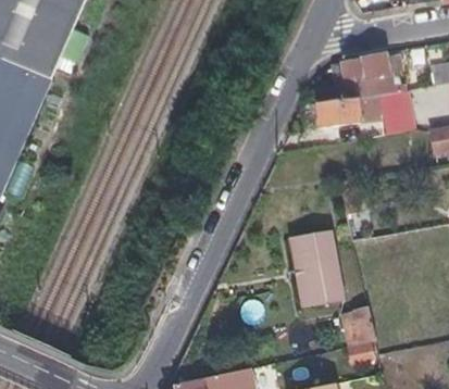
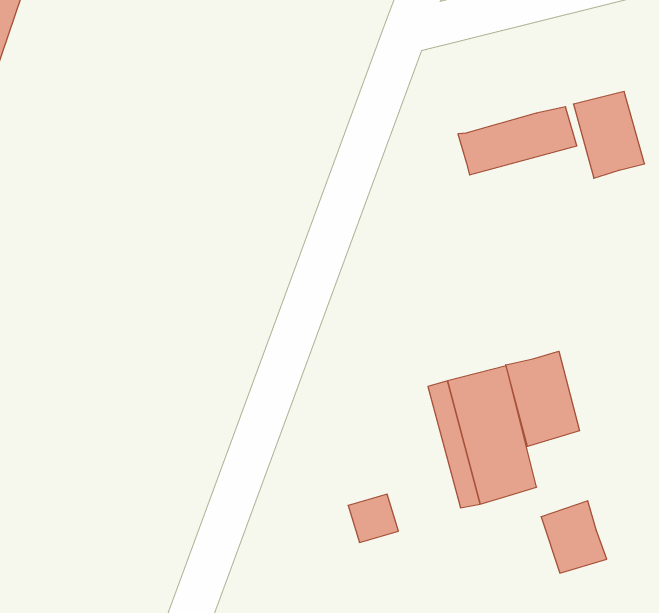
building: [317,51,389,103] -> none
building: none -> [506,351,580,446]

